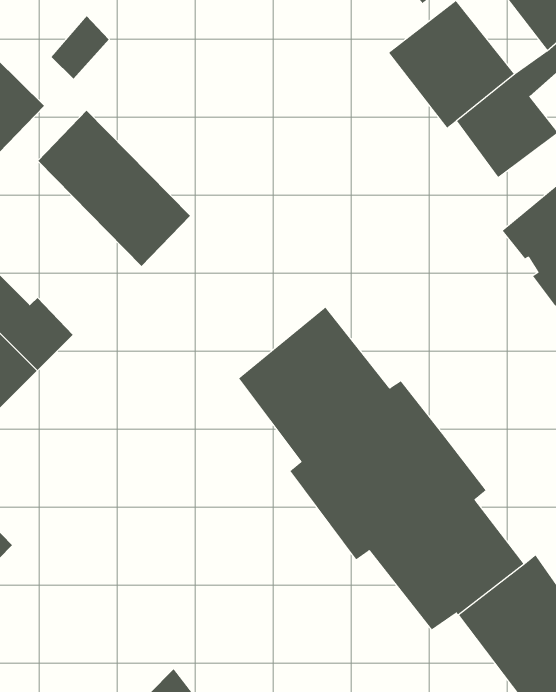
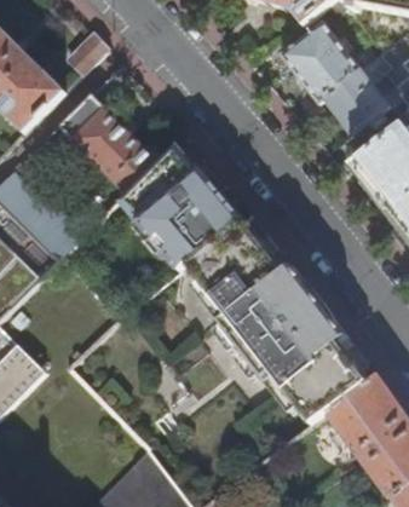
building: none -> [121,148,243,273]

